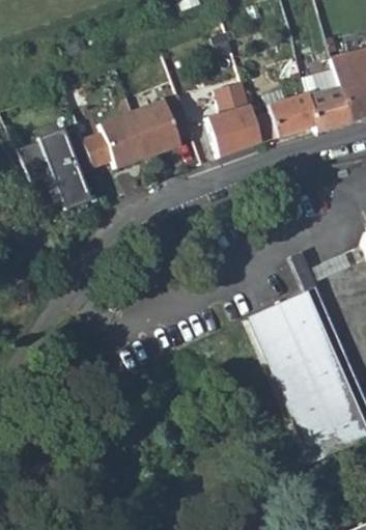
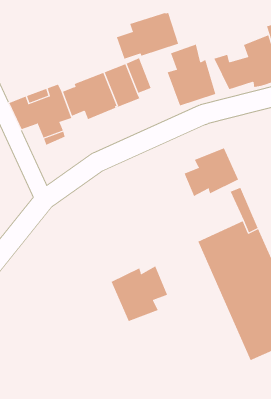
building: none -> [116,12,179,60]
building: none -> [184,147,239,197]
building: none -> [111,266,168,322]

